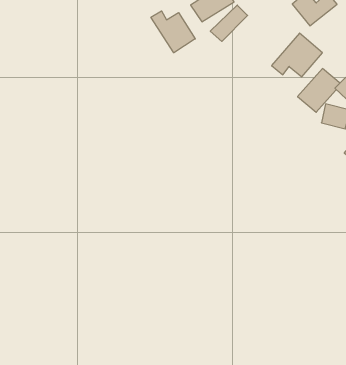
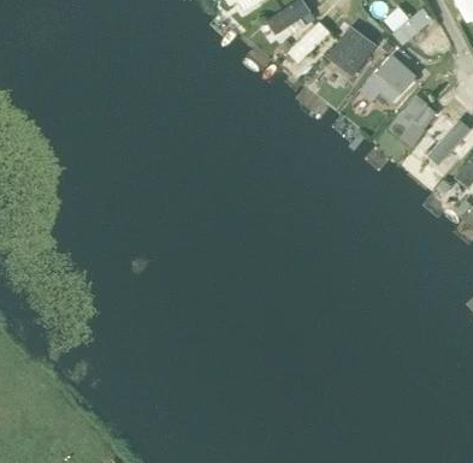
building: none -> [326,26,377,78]
building: [151,11,195,53] -> none

